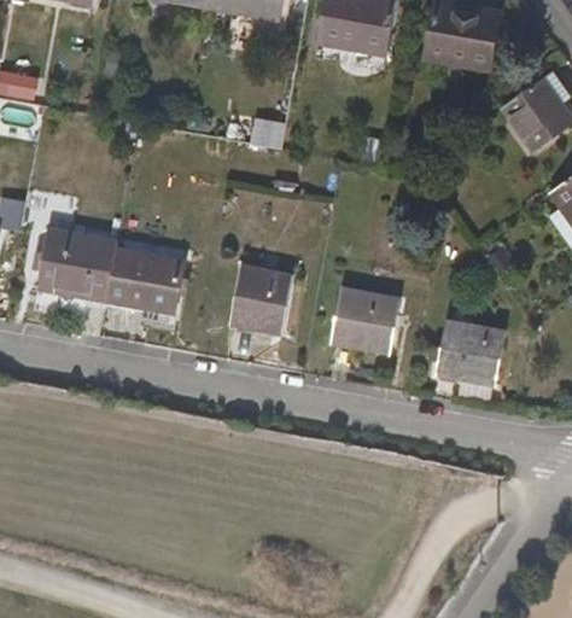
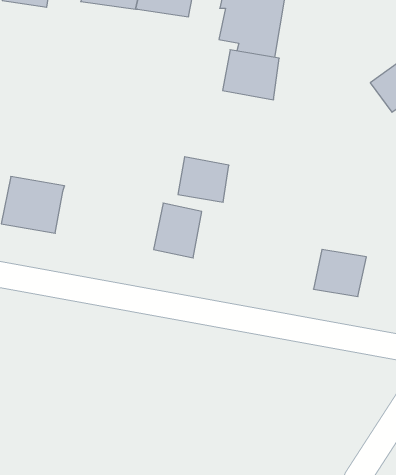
building: [421,7,494,71] -> [223,50,279,100]
building: [103,245,182,315] -> none
building: [332,288,397,346] -> [178,157,229,202]

